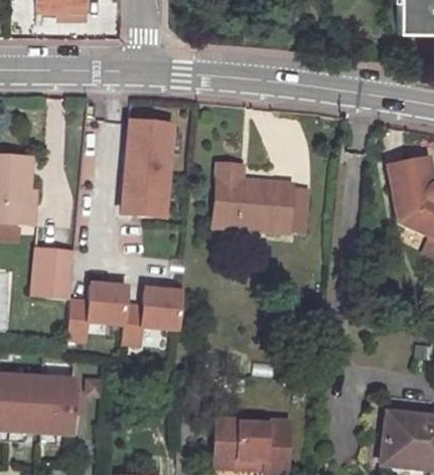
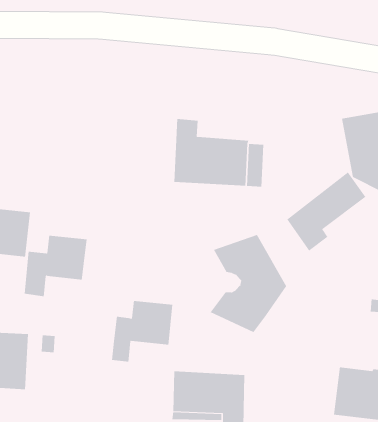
building: [119,116,178,219] -> none
building: none -> [287,172,366,252]
building: none -> [210,234,287,333]
building: [123,284,185,346] -> [111,300,173,362]

